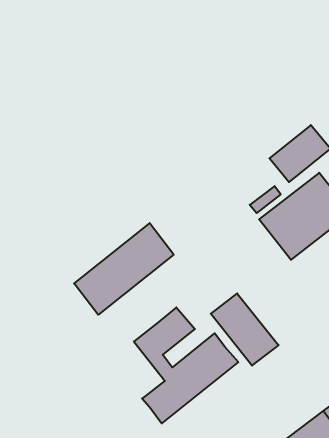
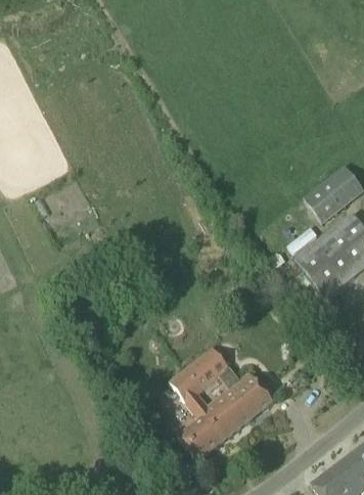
building: [74,223,174,315] -> none
building: [211,293,279,366] -> none

